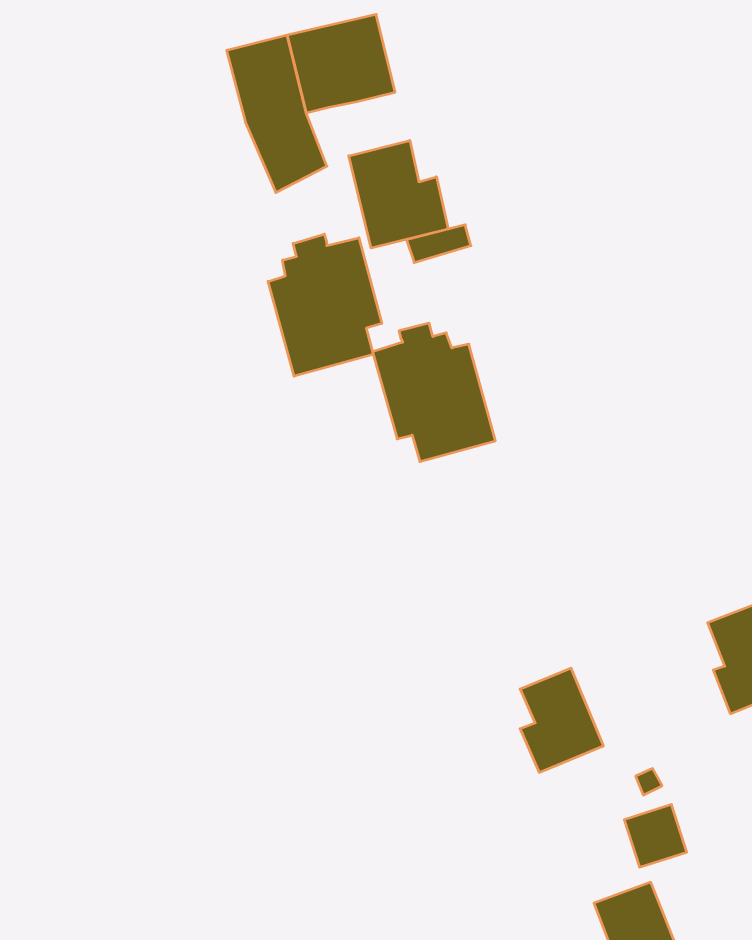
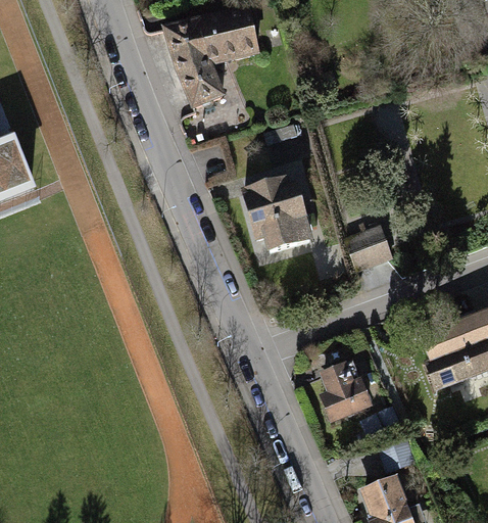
building: [349,140,448,248] -> none
building: [268,234,382,376] -> none
building: none -> [347,225,391,266]

